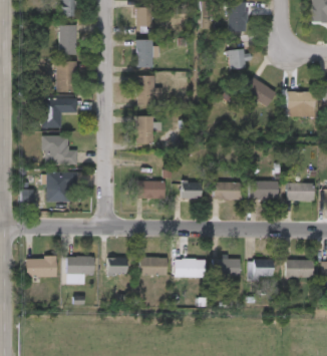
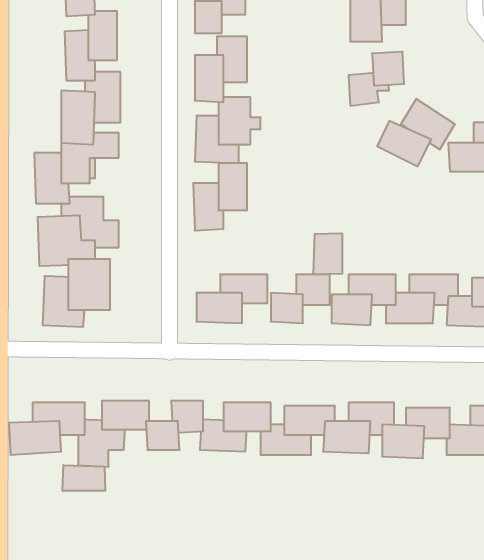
building: none -> [313,233,342,274]
building: none -> [63,465,105,491]

